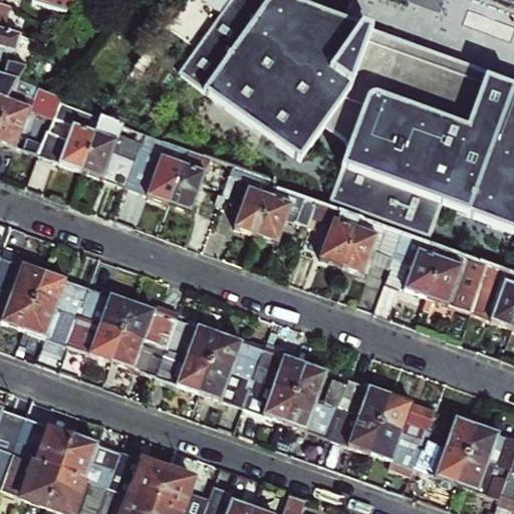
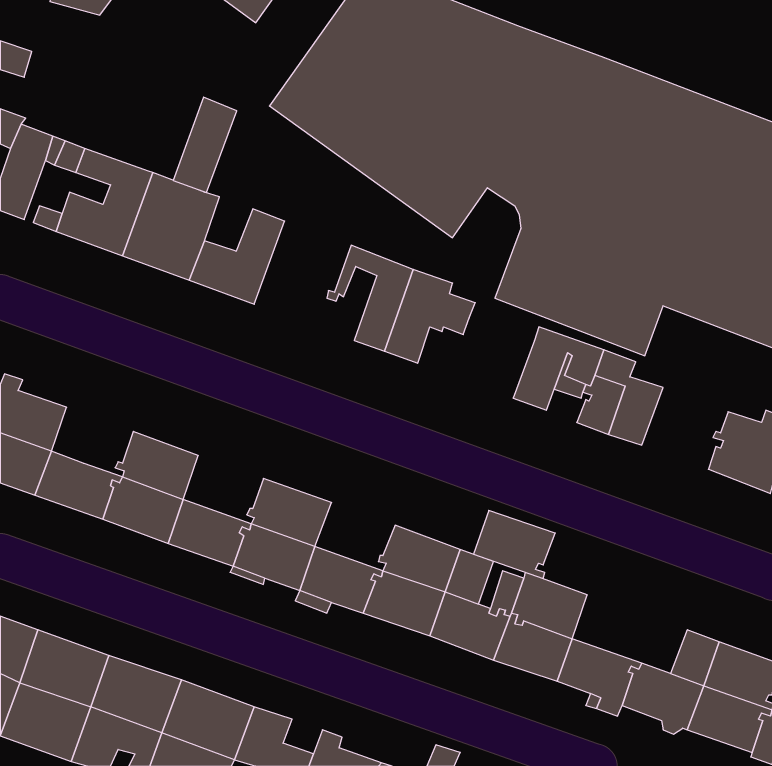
building: [170,147,212,210] -> [173,97,237,192]
building: [308,201,358,264] -> none
building: [427,257,484,311] -> none
building: [35,270,89,310] -> none
building: [122,302,178,347] -> none
building: [210,333,265,378] -> none
building: [380,395,435,440] -> [474,510,555,578]

